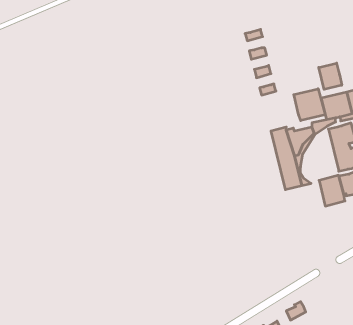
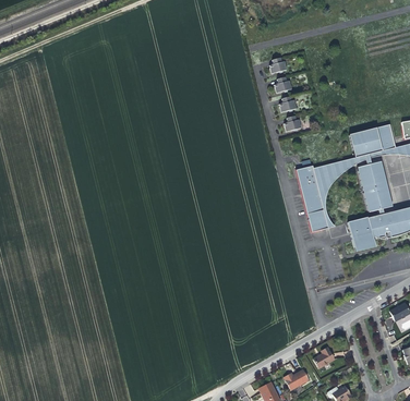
building: [319,63,342,89] -> none
building: [294,89,325,121] -> none

